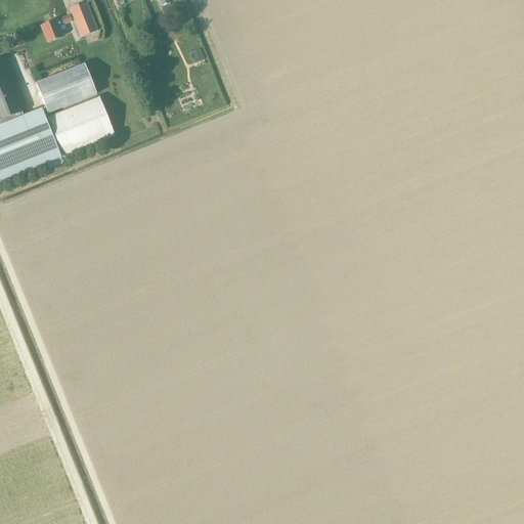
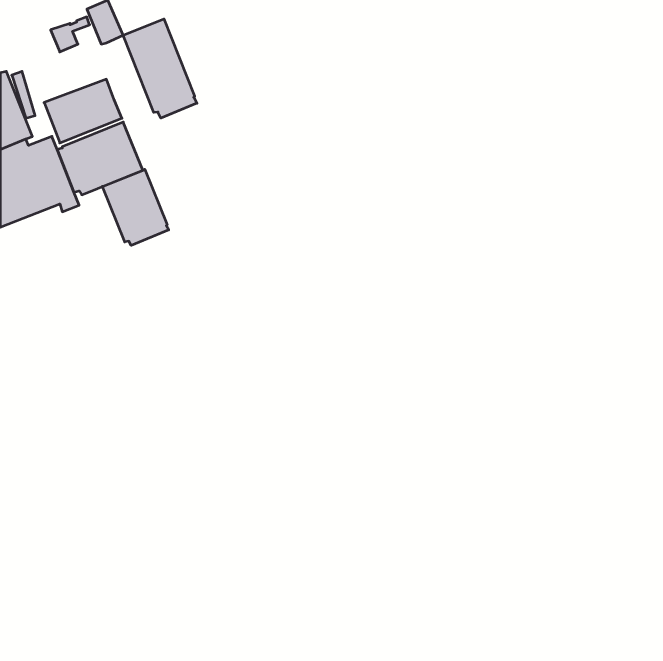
building: none -> [123,19,197,118]
building: none -> [102,169,169,245]

